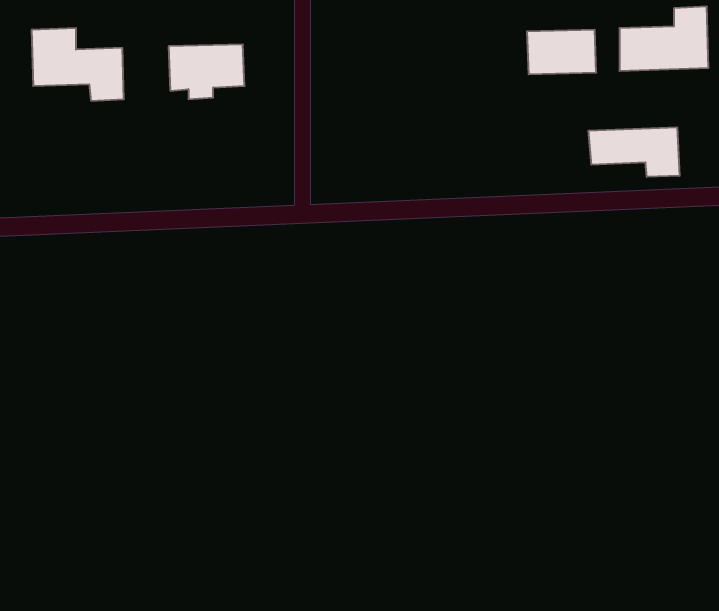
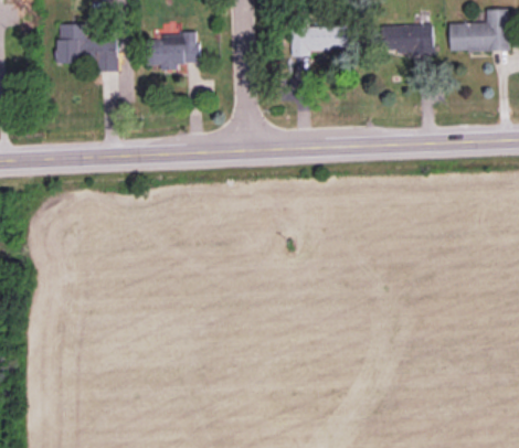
building: none -> [290,25,348,56]
building: [589,127,680,177] -> none

